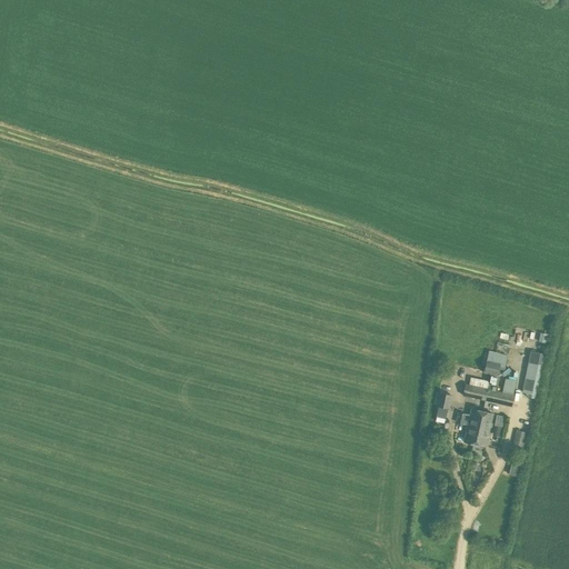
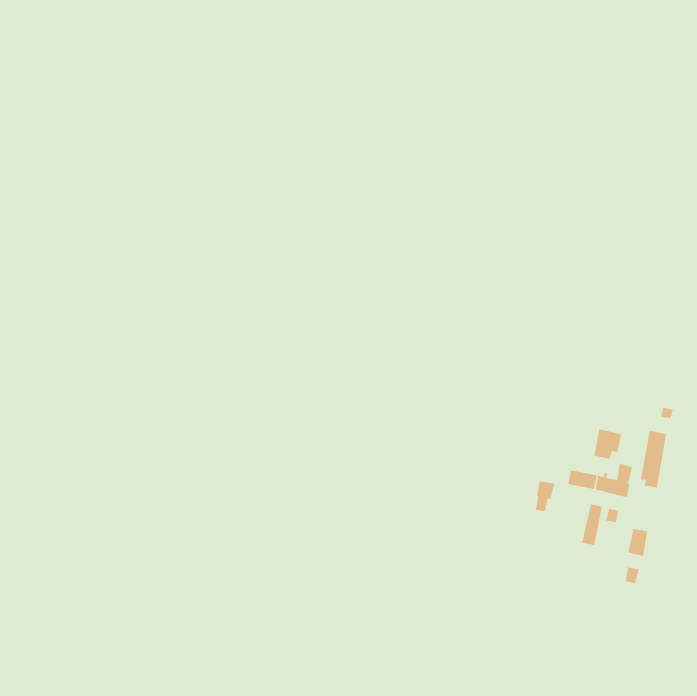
building: [455,408,481,442] -> none

